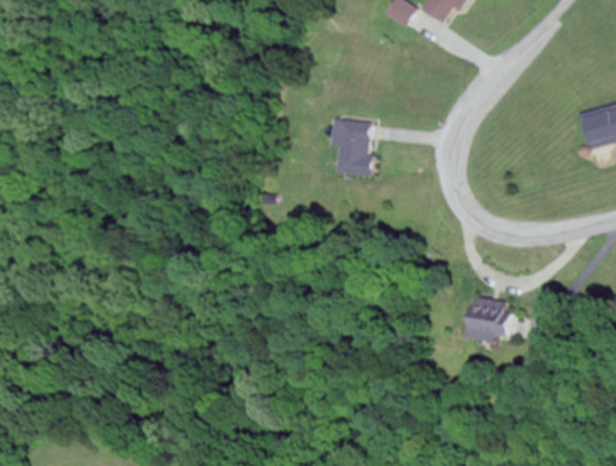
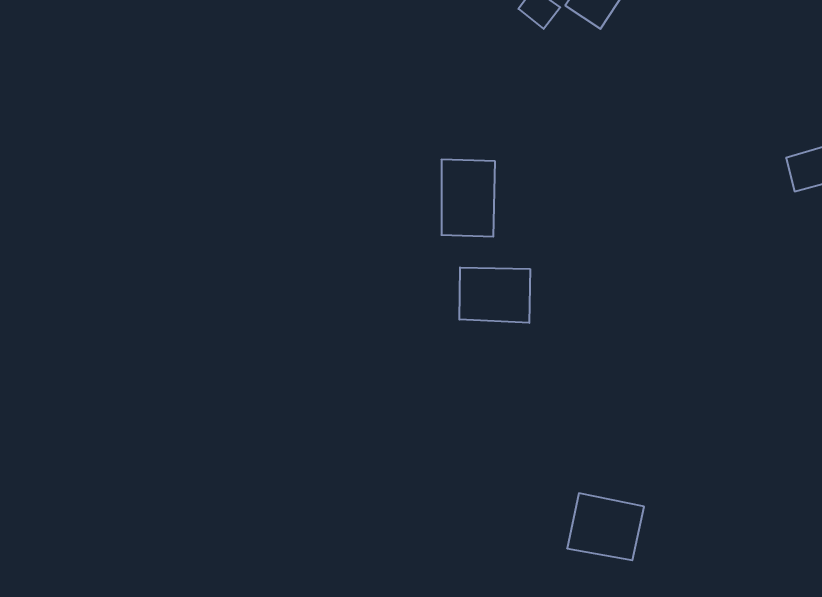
building: none -> [459,267,530,323]
building: [463,295,519,343] -> [567,493,644,560]

